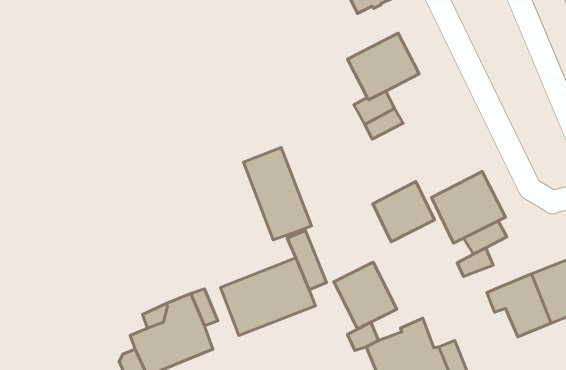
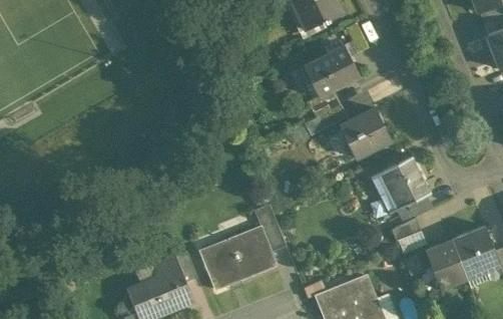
building: [243,147,312,240] -> none
building: [373,181,434,242] -> [339,108,389,157]
building: [334,262,397,329] -> none

